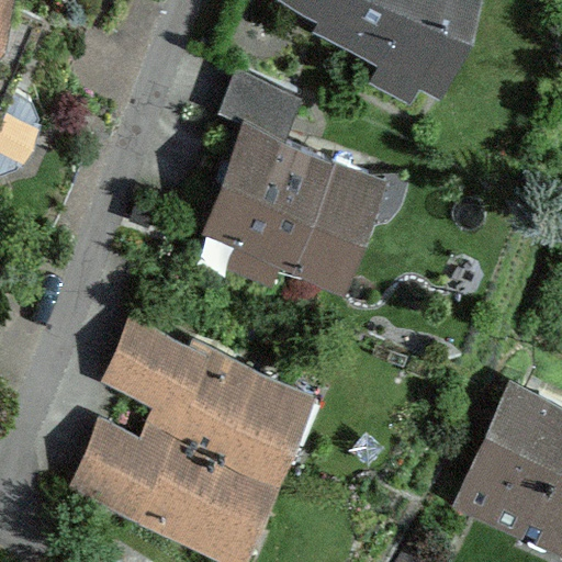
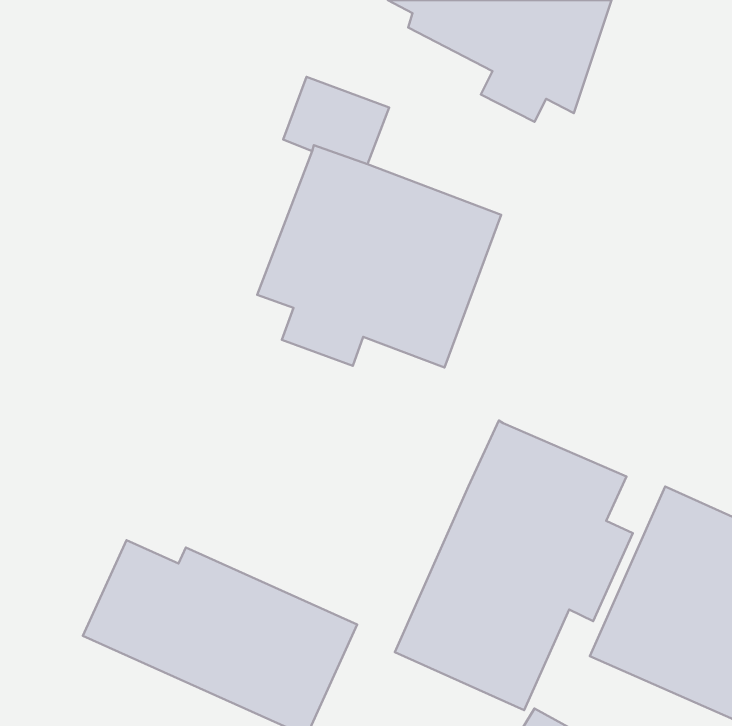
building: [104,321,318,484] -> none
building: none -> [395,420,633,710]

